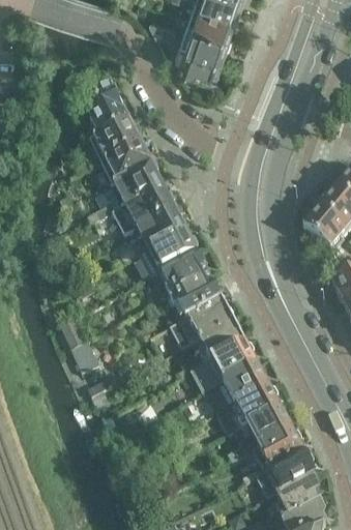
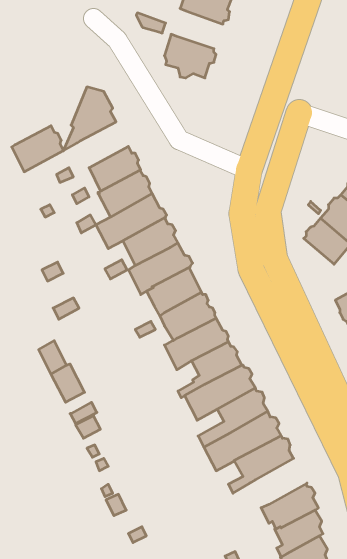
building: [179,9,229,47] -> none
building: [92,114,140,156] -> [12,126,63,172]
building: [240,424,304,479] -> none

